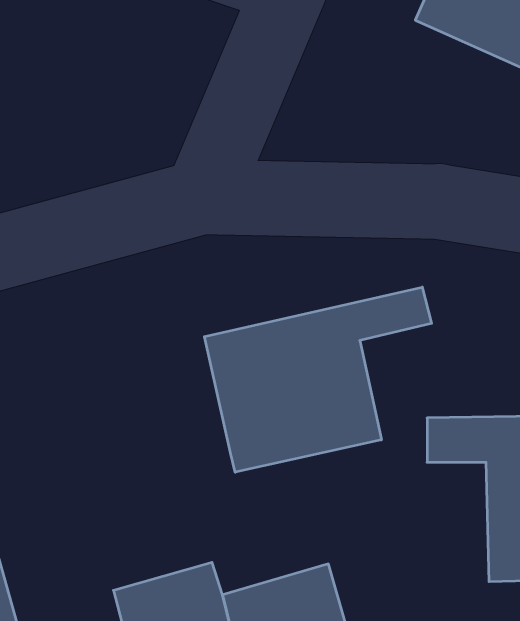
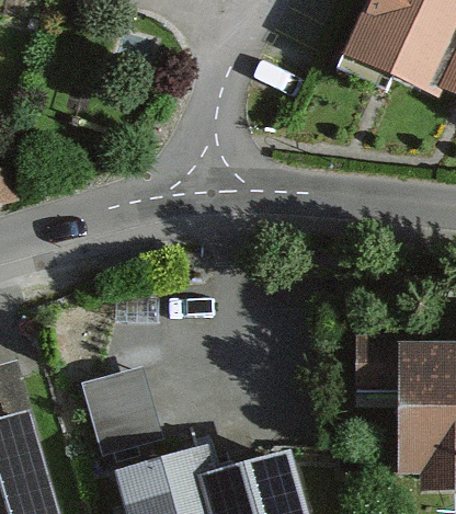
building: [204,287,432,472] -> none
building: none -> [86,358,168,456]

